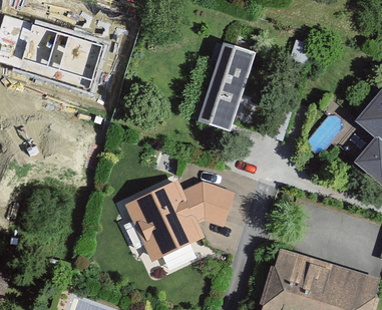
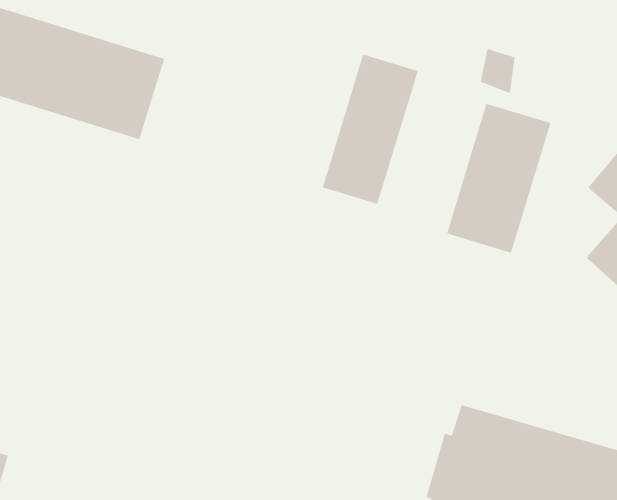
building: none -> [446,103,551,254]
building: [124,179,234,260] -> none

